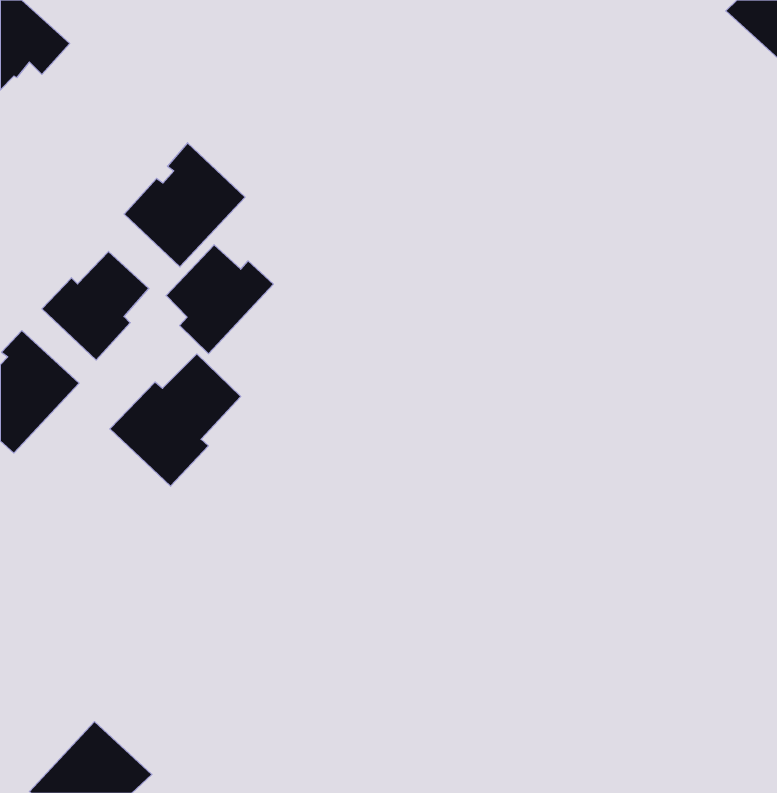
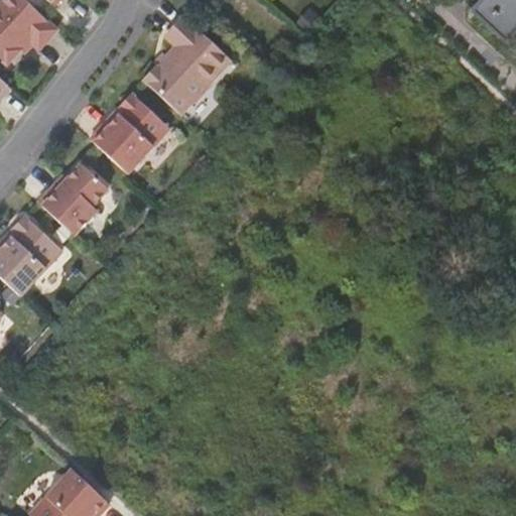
building: none -> [144,15,230,113]
building: [166,245,273,354] -> none
building: [110,354,241,486] -> none

